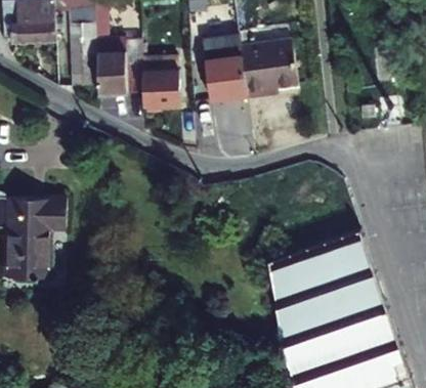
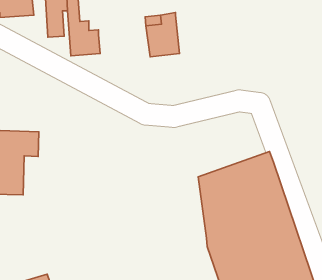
building: [237,44,293,100] -> none
building: [140,71,178,105] -> none

